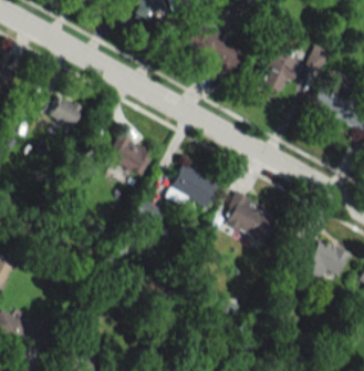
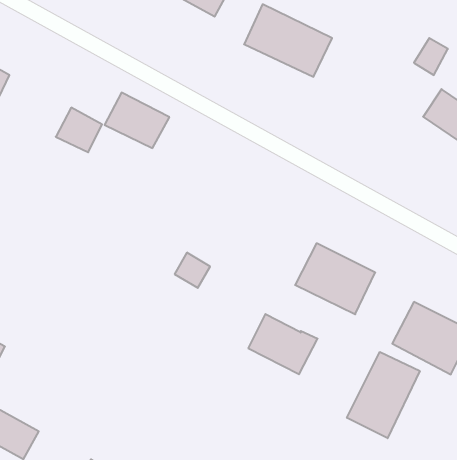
building: [262,50,300,94] -> none
building: [108,135,155,175] -> [105,93,169,148]
building: [170,165,220,208] -> [248,314,318,374]
building: none -> [347,352,420,438]

